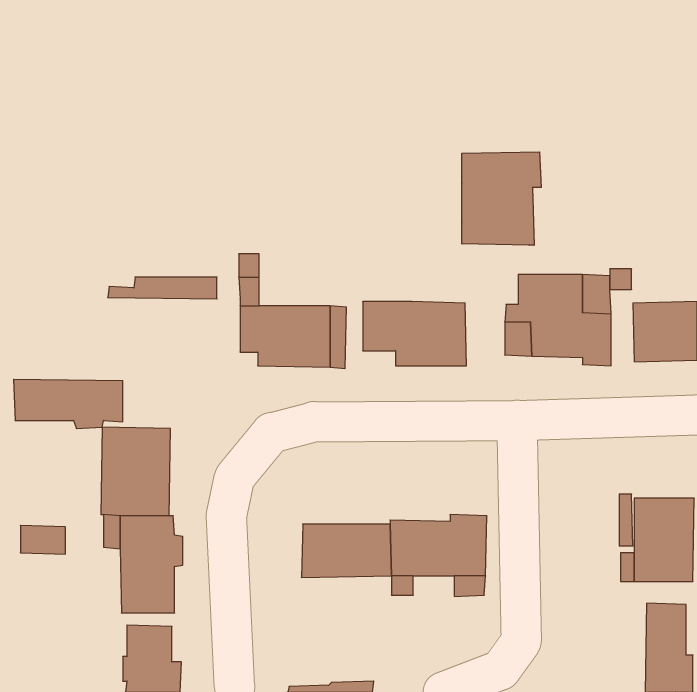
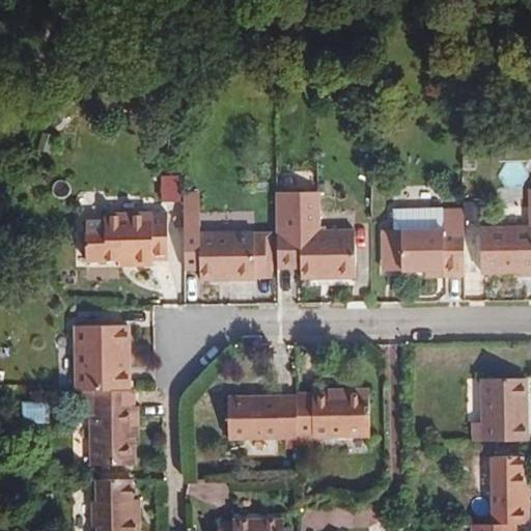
building: [462,152,541,245] -> none
building: none -> [276,193,313,229]
building: [14,379,123,429] -> [82,226,165,263]

